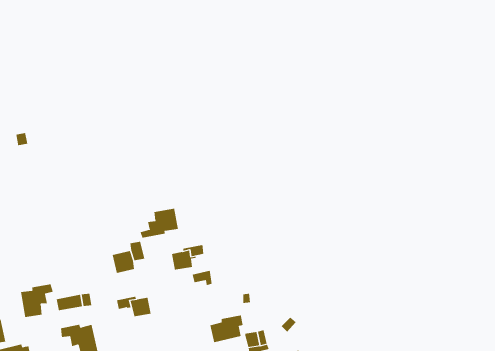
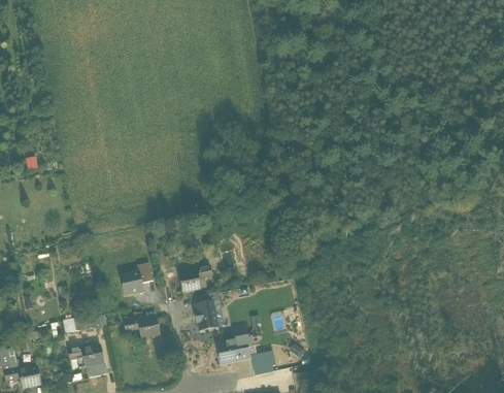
building: [140,208,179,238] -> none
building: none -> [195,302,216,330]
building: [21,284,53,318] -> none

